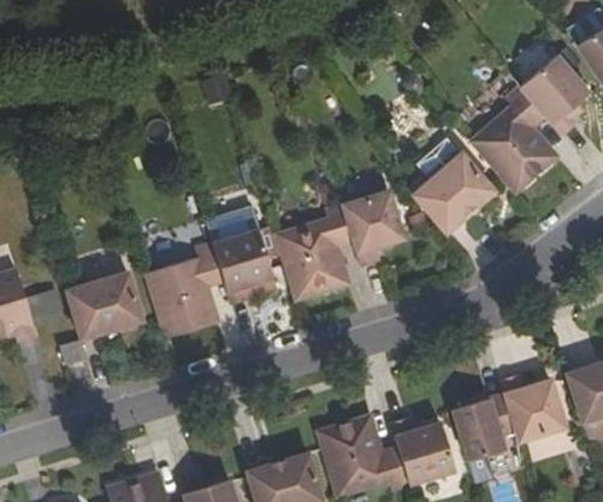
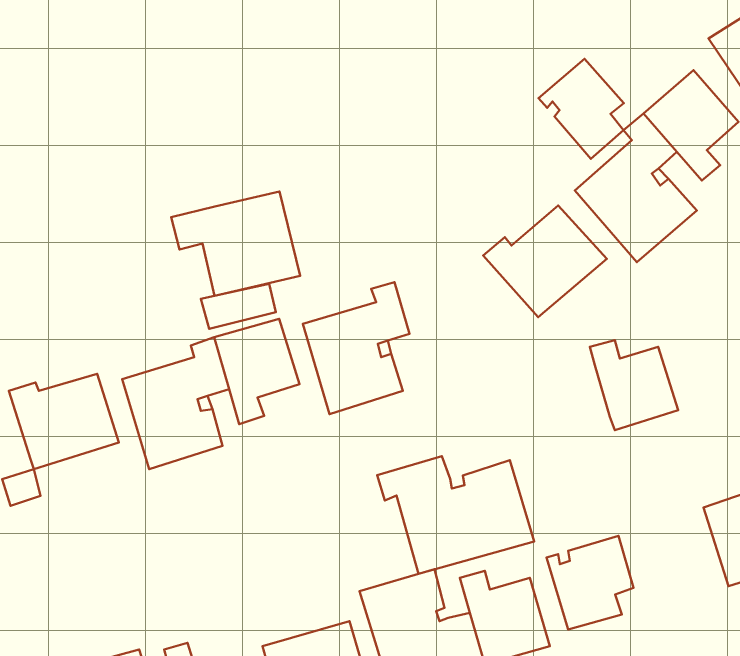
building: none -> [539,59,624,159]
building: none -> [171,191,300,296]
building: [342,194,403,270] -> none
building: none -> [377,456,534,574]
building: [499,372,563,437] -> [590,340,678,430]

